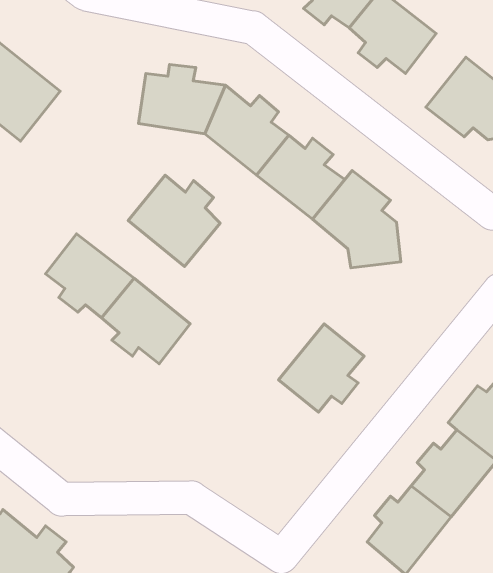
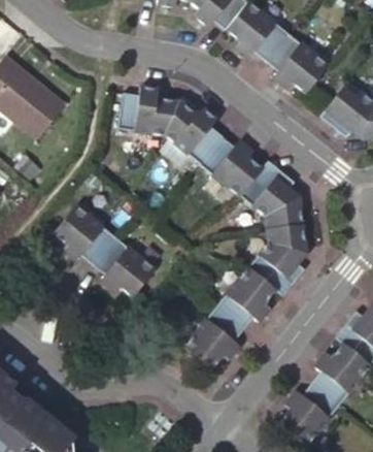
building: [128,175,220,266] -> none
building: none -> [248,224,306,295]
building: none -> [185,306,244,368]

